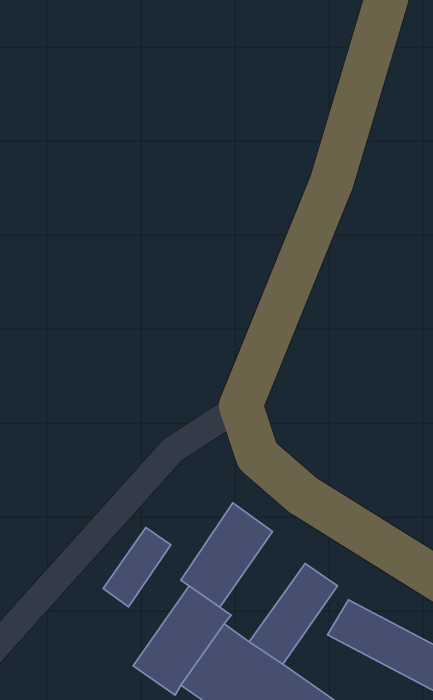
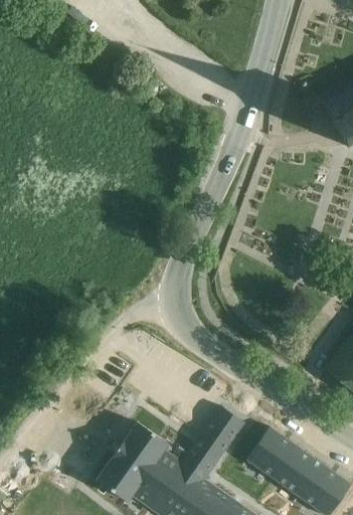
building: [181,503,273,607] -> none
building: [103,527,171,607] -> none

